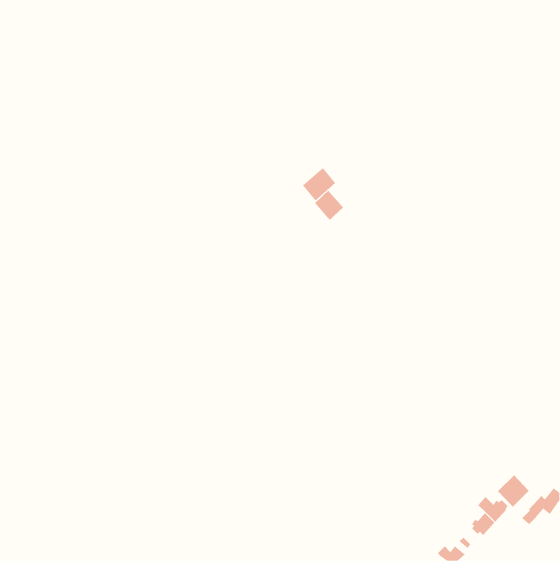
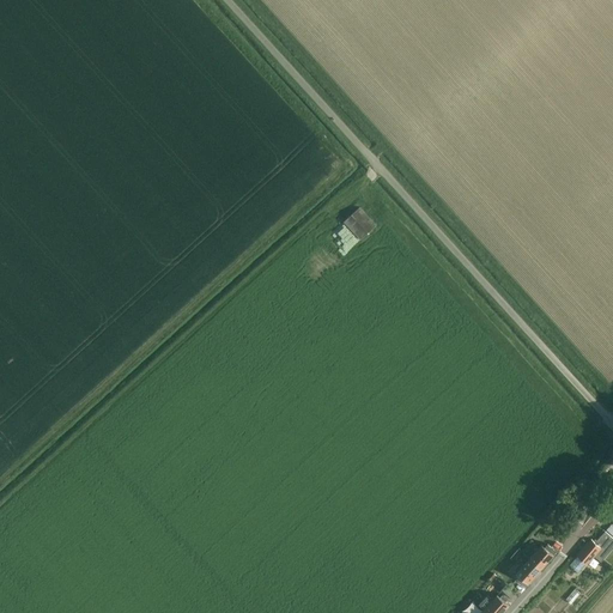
building: [302,167,336,201] -> none
building: [497,474,530,507] -> none

